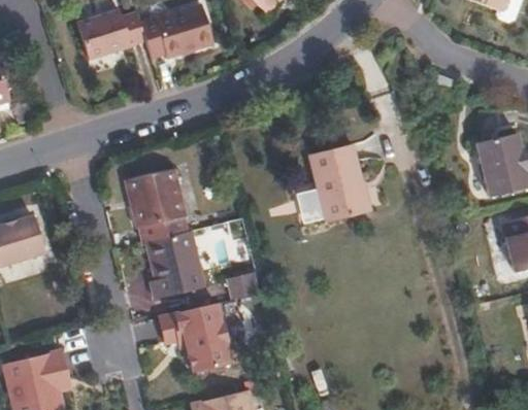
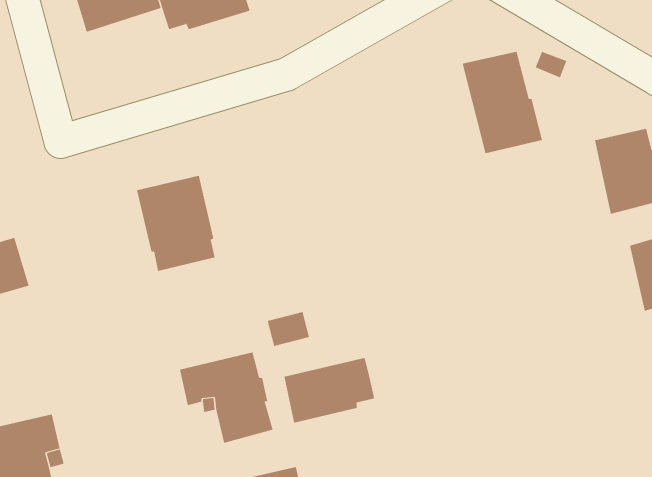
building: [308,144,370,223] -> [462,51,543,154]
building: [144,230,204,299] -> none
building: none -> [284,357,375,424]

